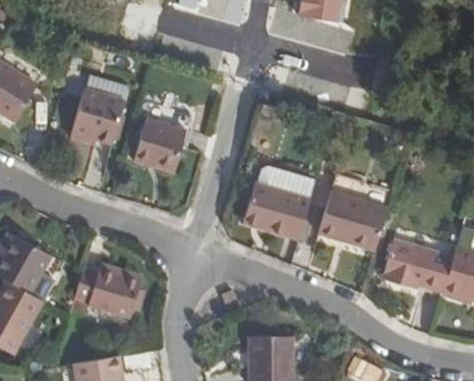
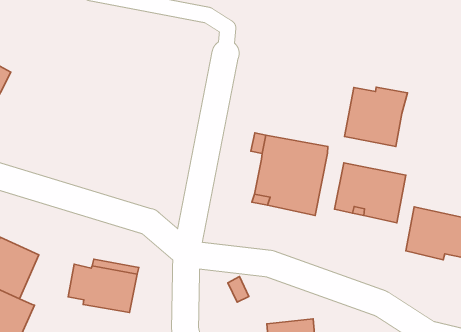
building: [67,89,120,142] -> none
building: [131,115,184,169] -> none
building: none -> [344,87,407,147]

